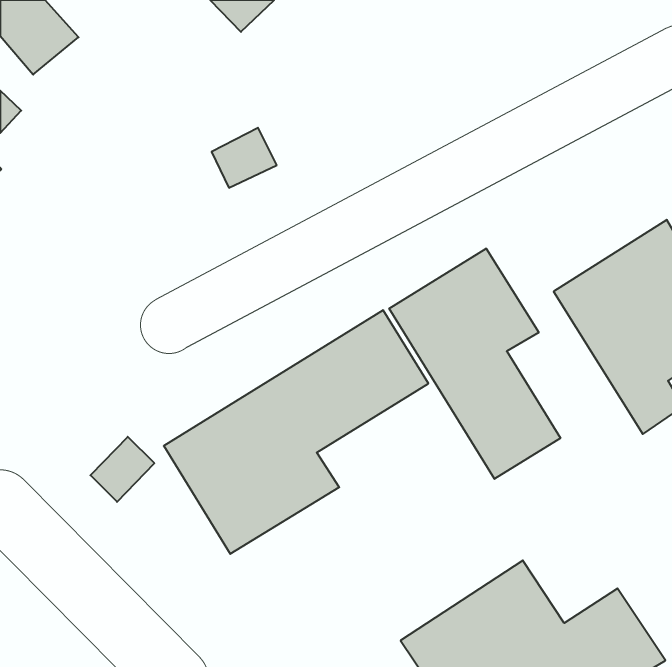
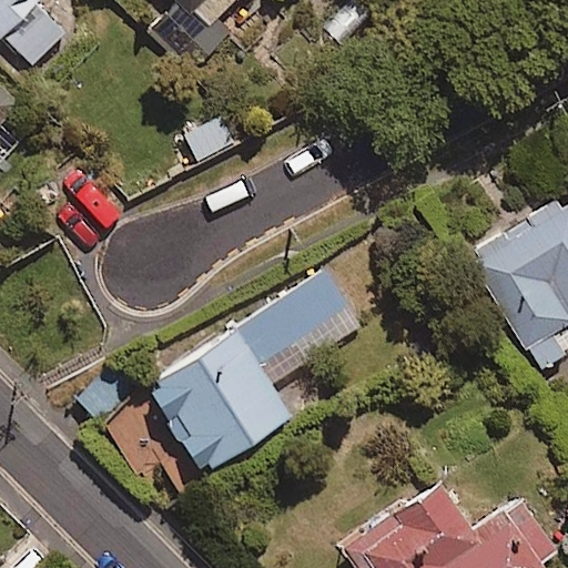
building: [389,248,560,479] -> none

